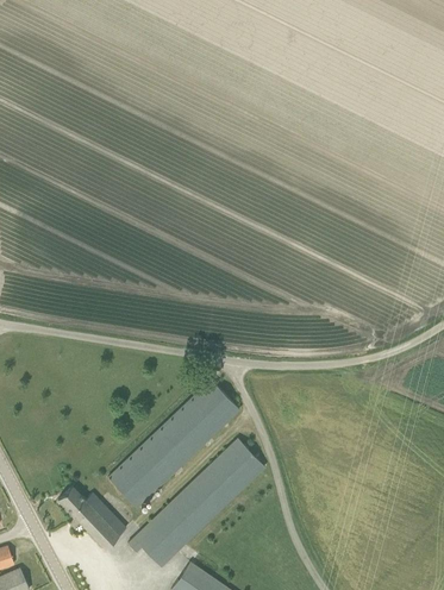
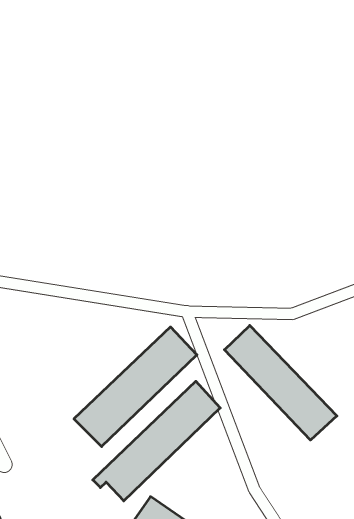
building: none -> [224,325,337,440]
building: [58,485,126,548] -> none

